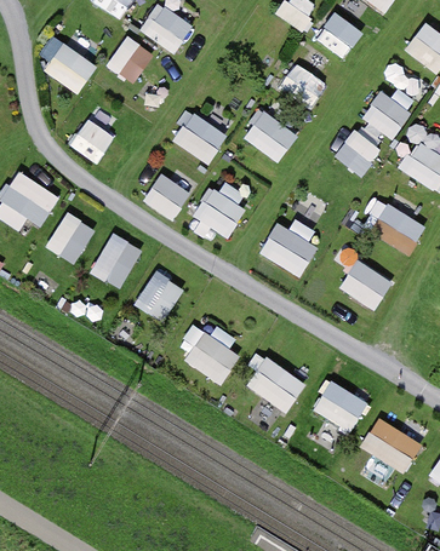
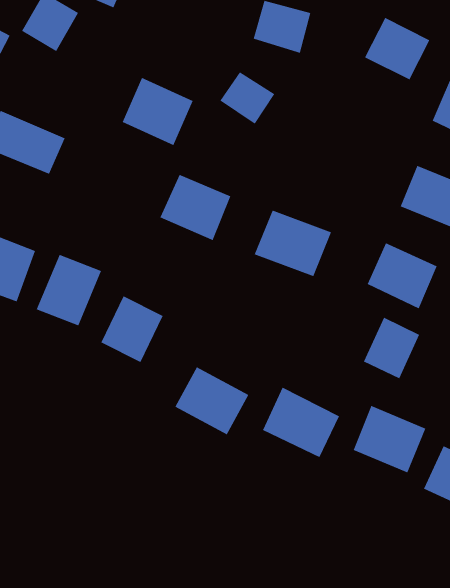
building: [332,128,381,177] -> none
building: [141,171,190,219] -> none
building: none -> [363,317,420,379]

